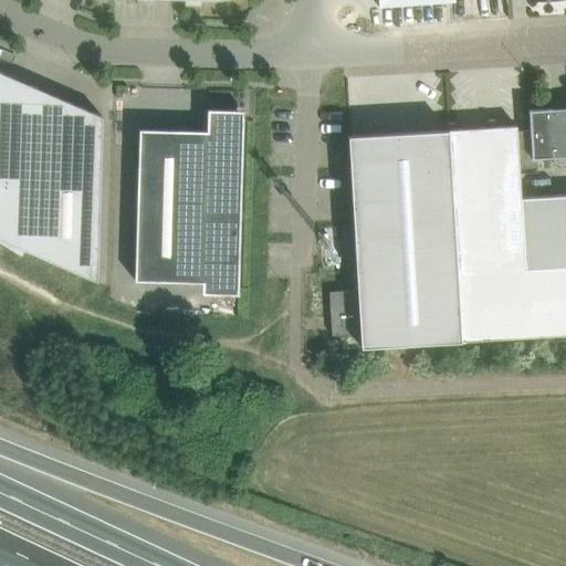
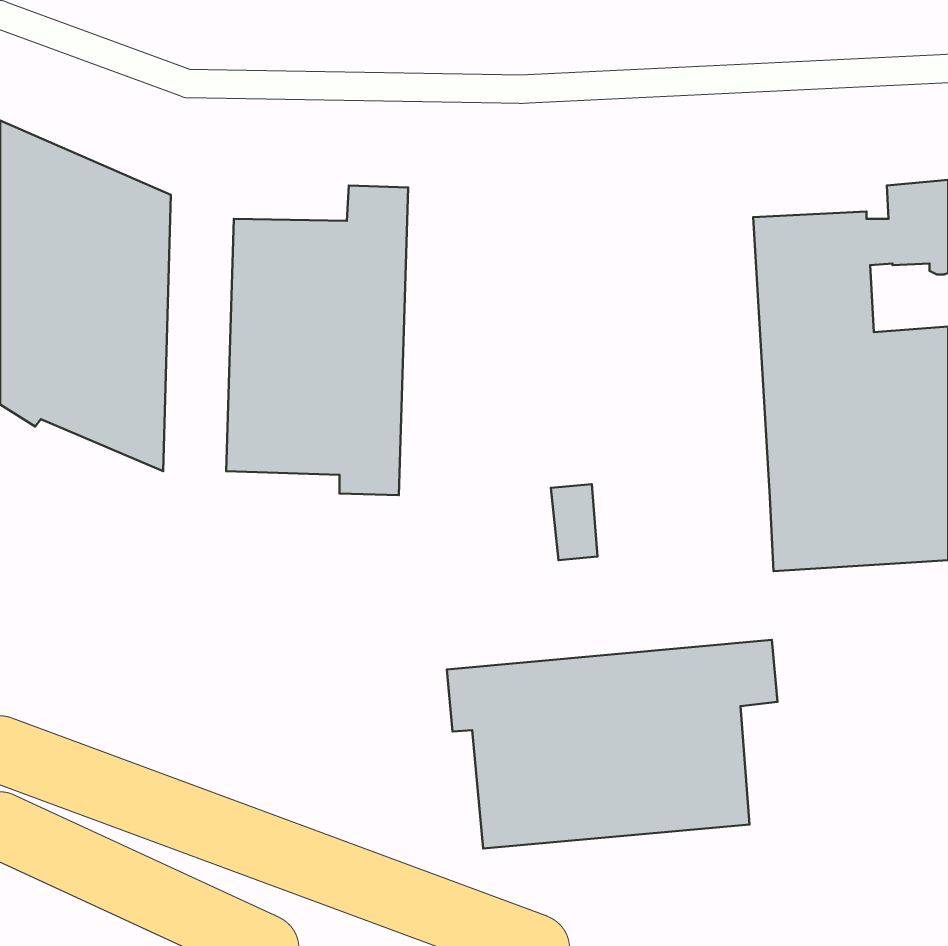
building: [348,130,461,348] -> none
building: none -> [447,640,778,849]

